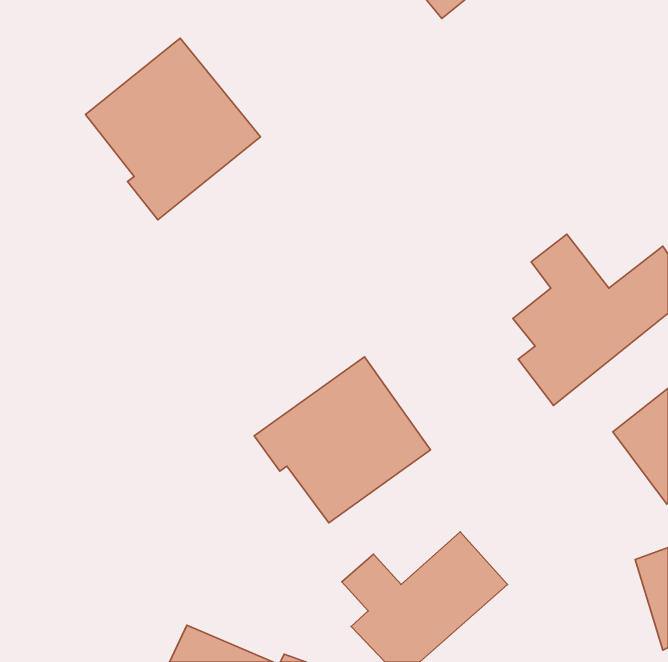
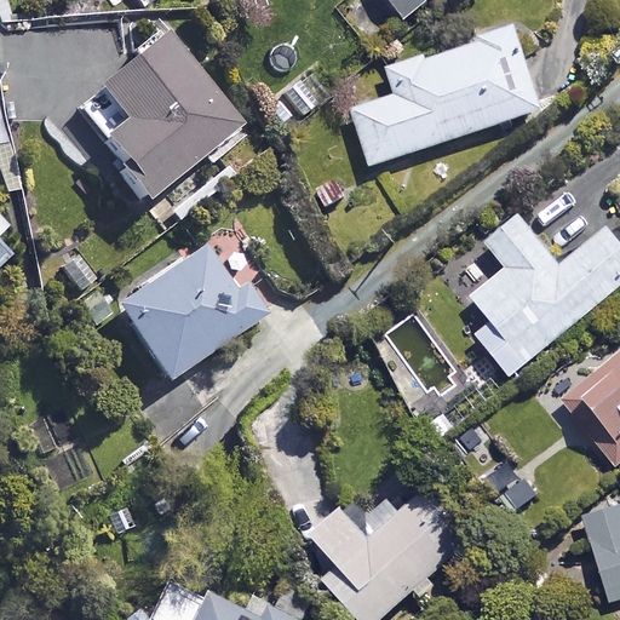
building: none -> [354,28,544,163]
building: none -> [114,243,262,380]
building: [254,357,430,523] -> none

